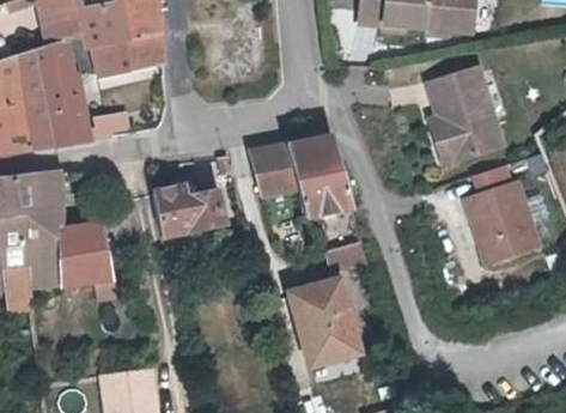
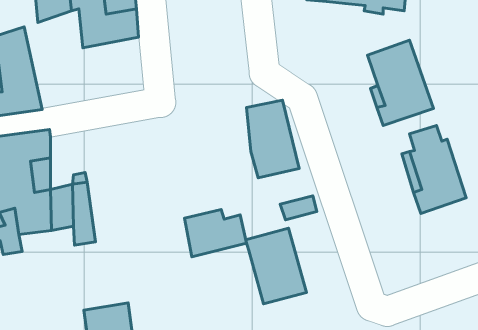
building: [34,32,128,145] -> none
building: [248,142,292,199] -> none
building: [156,181,226,235] -> [184,210,246,257]

